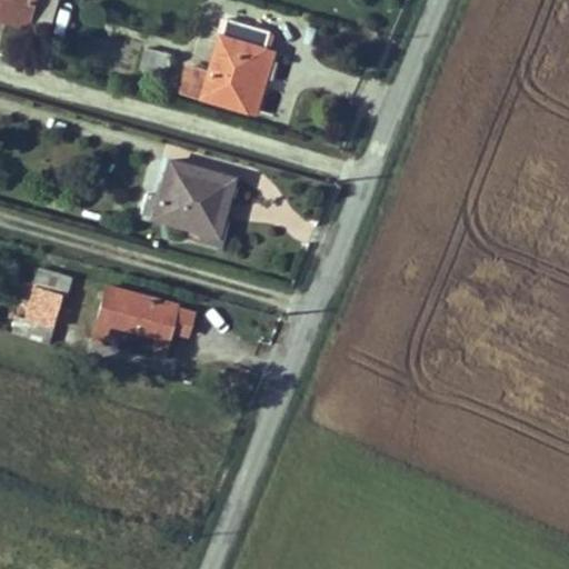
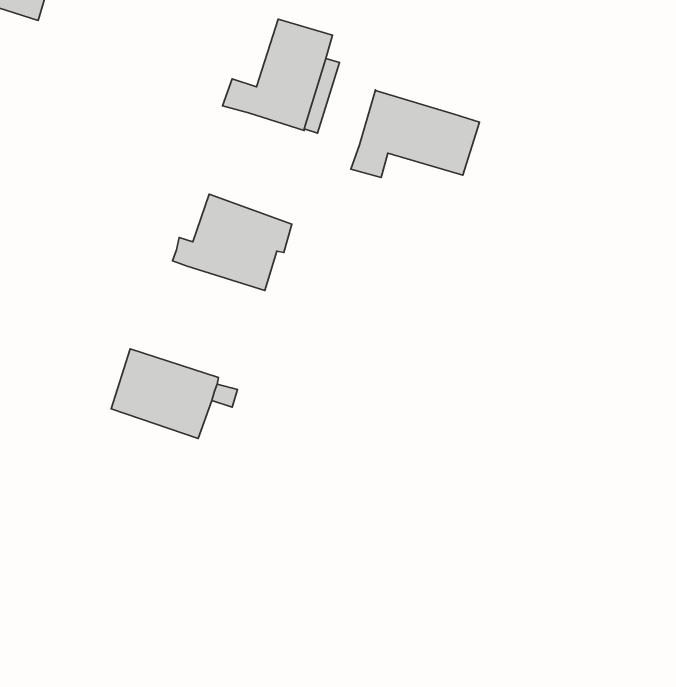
building: none -> [351,90,479,177]
building: [12,280,66,343] -> none

